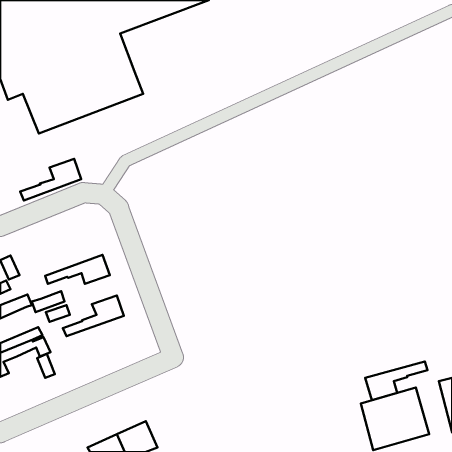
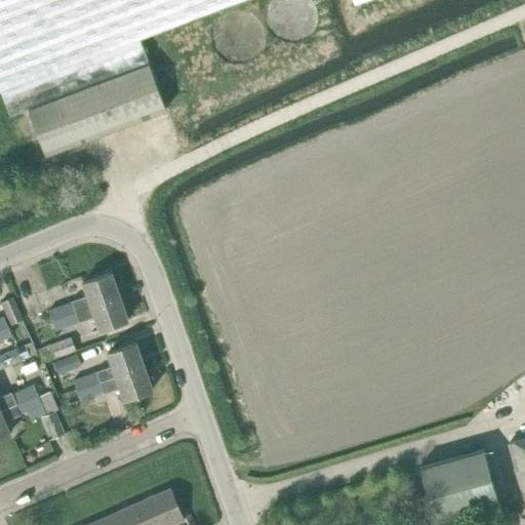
building: [20,159,81,200] -> [48,272,119,320]
building: none -> [77,366,152,400]
building: [365,361,427,400] -> none

